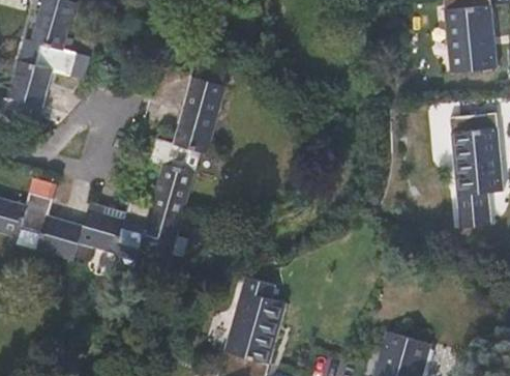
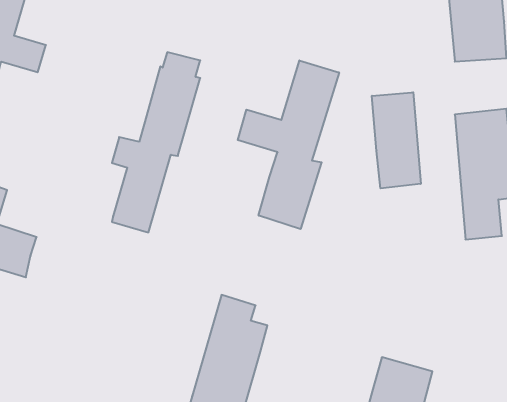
building: none -> [238,60,339,229]
building: none -> [372,92,421,188]
building: [78,201,189,266] -> none

